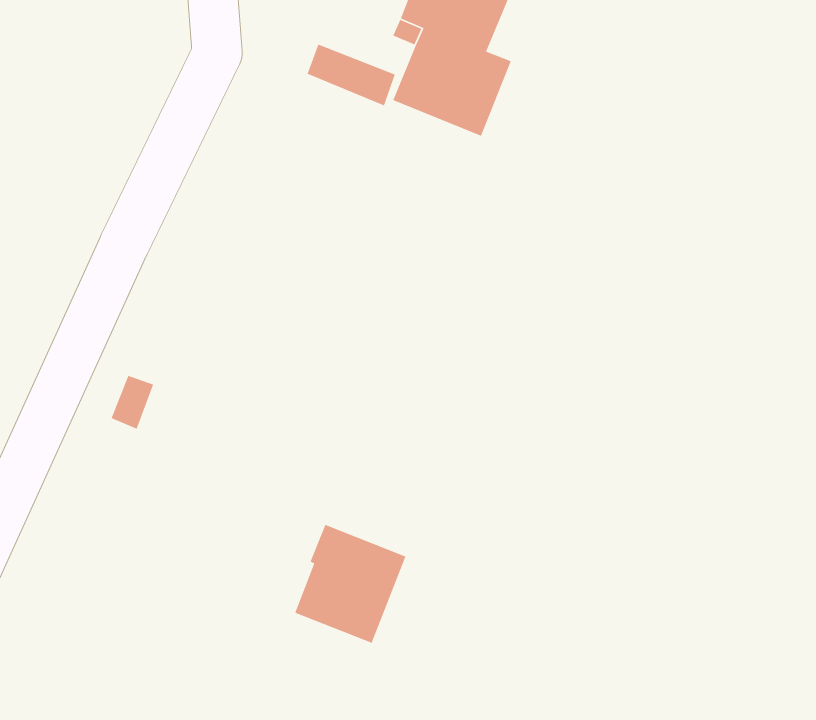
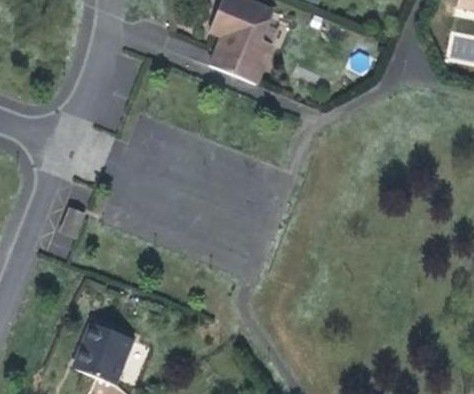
building: [294,524,406,644] -> [76,321,135,384]

